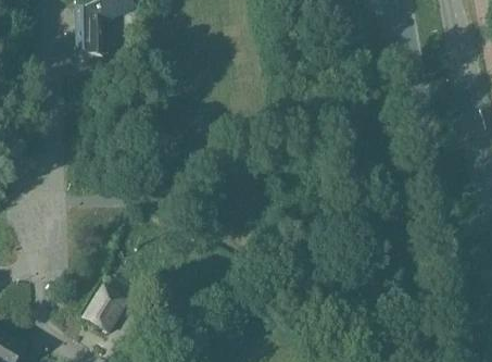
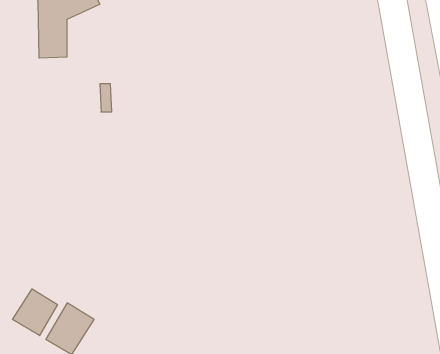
building: none -> [13,289,57,336]

